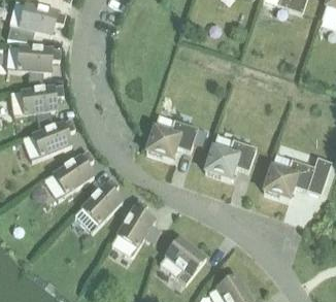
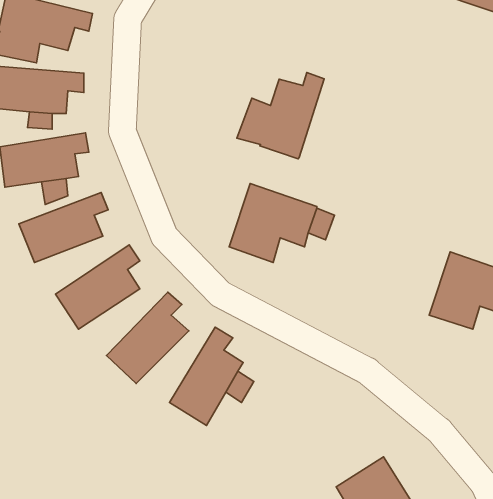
building: none -> [237,72,324,159]
building: [205,134,257,179] -> none
building: [160,236,206,282] -> none

